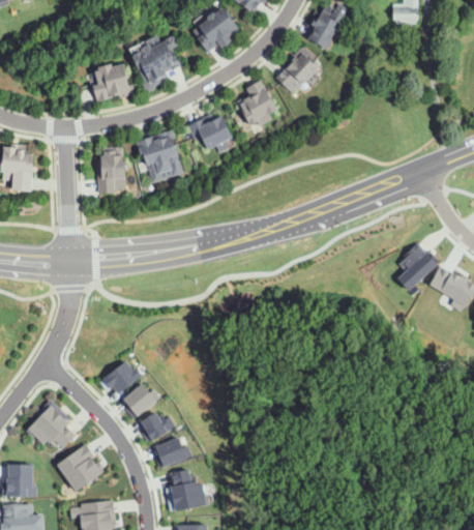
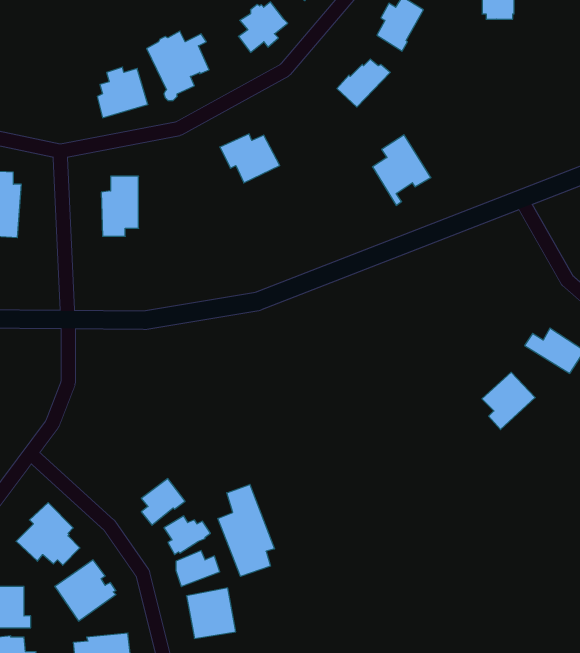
building: [236,76,282,130] -> [372,135,431,205]
building: [135,129,182,182] -> none
building: [389,241,431,286] -> [482,372,535,430]
building: [107,359,147,394] -> none
building: none -> [218,484,274,576]

